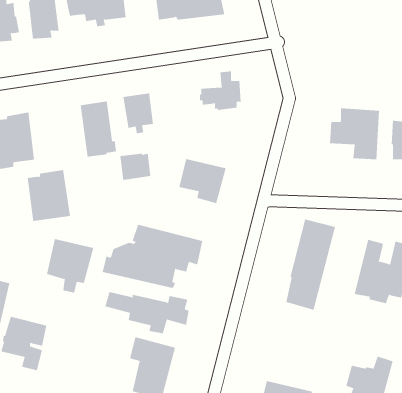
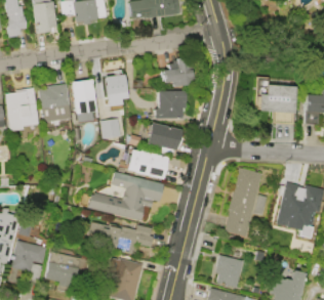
building: none -> [154,91,186,119]
building: [27,169,71,222] -> [38,84,71,123]
building: none -> [126,151,167,179]
building: [46,238,94,293] -> [46,252,82,293]
building: none -> [214,255,243,288]

